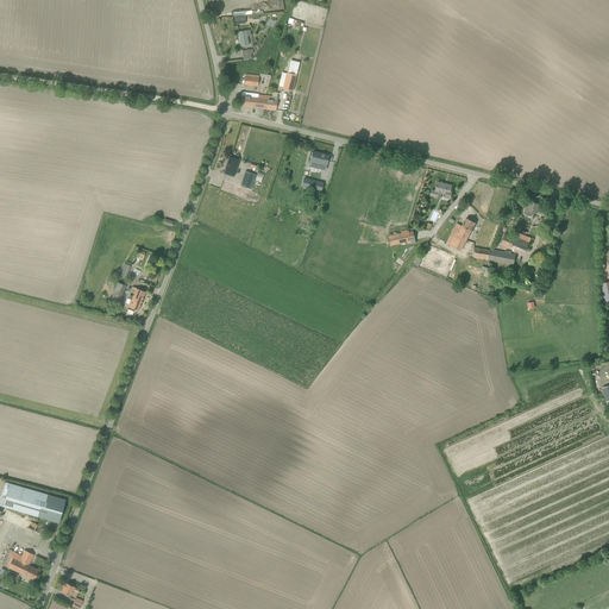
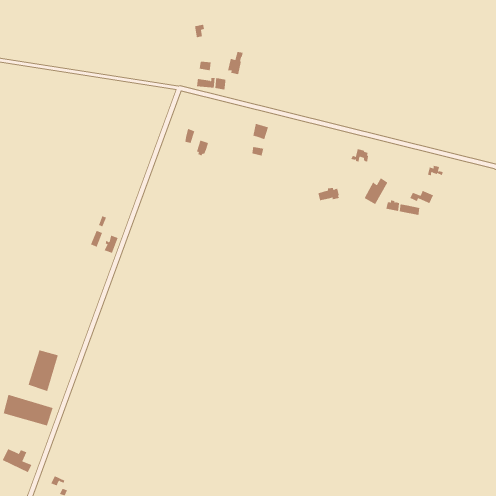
building: none -> [28,349,58,392]

